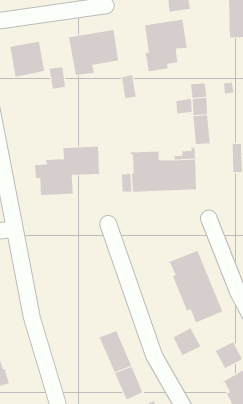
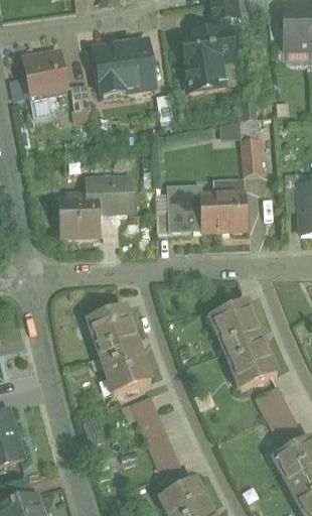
building: none -> [89,303,152,391]
building: [173,328,201,356] -> [256,386,289,419]

